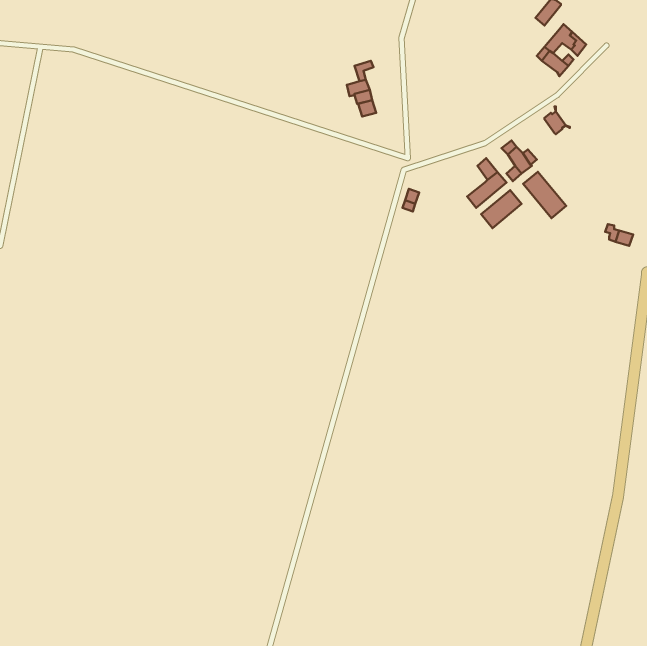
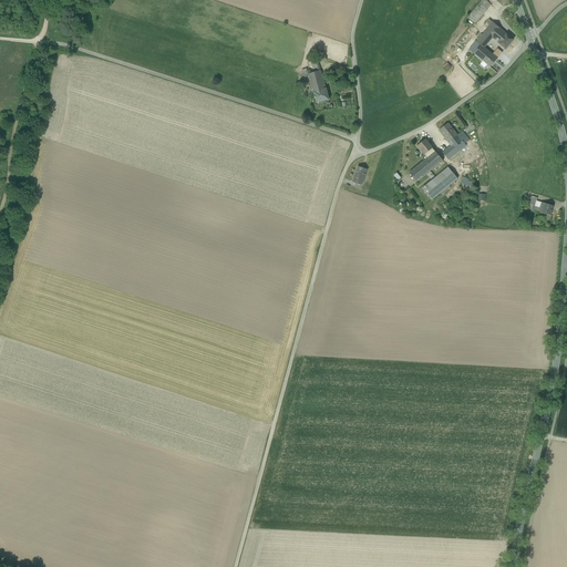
building: [523,172,566,218] -> none

